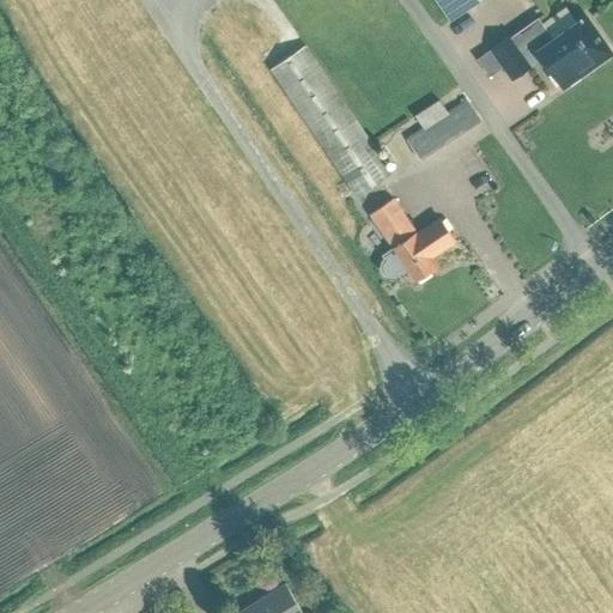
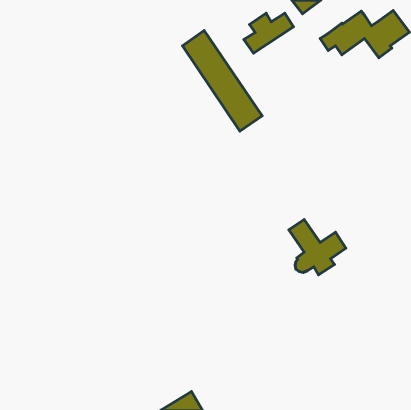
building: [406,101,480,160] -> [244,13,294,53]
building: [370,199,455,281] -> [289,219,346,275]

